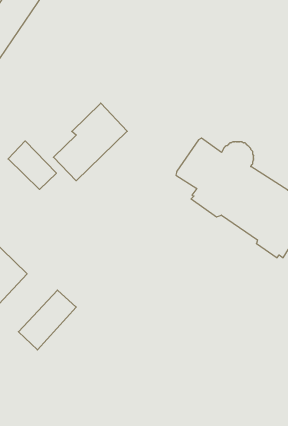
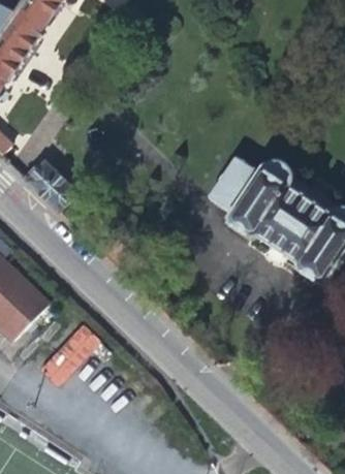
building: [53,103,127,181] -> none

